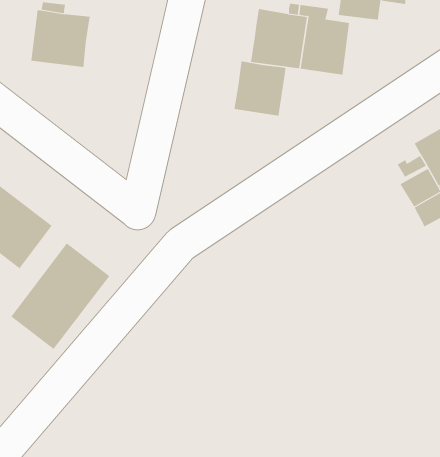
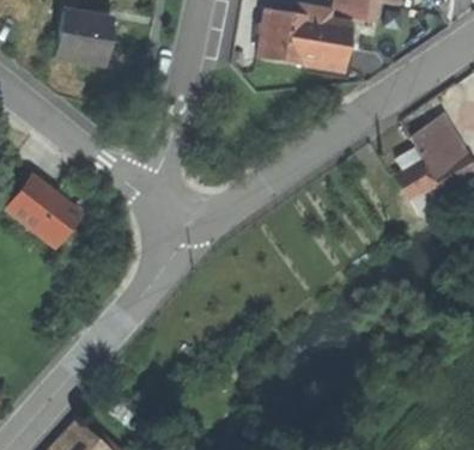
building: [234,61,286,117] -> none
building: [10,243,110,350] -> none

